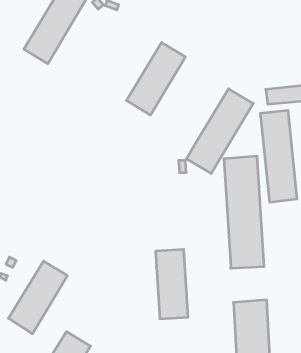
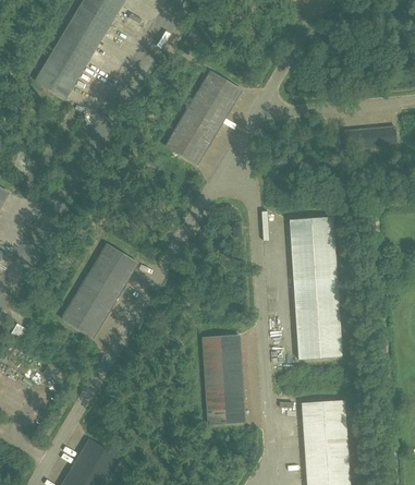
building: [186,89,253,174] -> none
building: [260,110,297,202] -> none
building: [8,261,67,334] -> [62,244,137,337]

